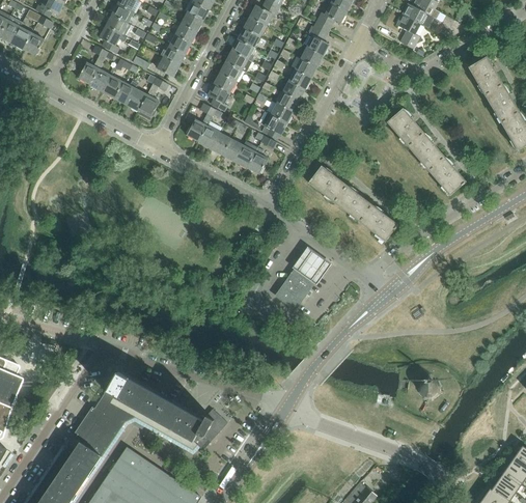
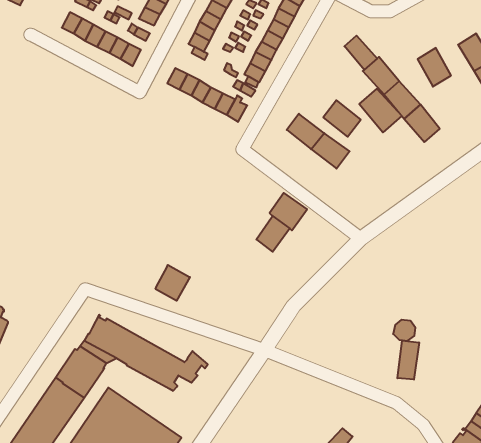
building: [468,56,502,95] -> [418,48,451,87]
building: none -> [344,36,377,70]
building: none -> [359,89,402,132]
building: [359,204,397,242] -> [323,100,361,137]
building: none -> [156,265,190,301]
building: none -> [397,340,419,380]

